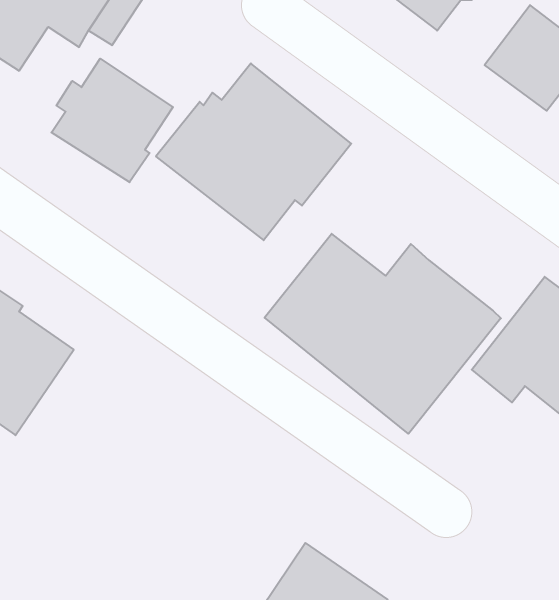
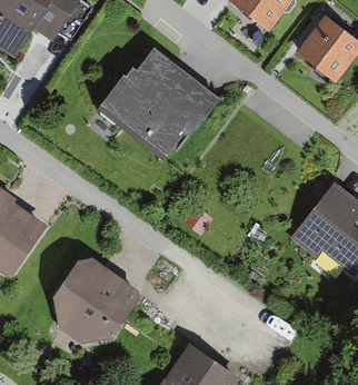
building: [51,59,173,182] -> none
building: [265,234,501,434] -> none
building: none -> [53,257,139,343]

